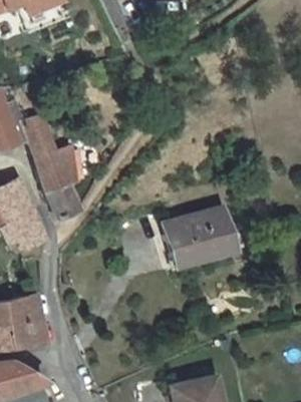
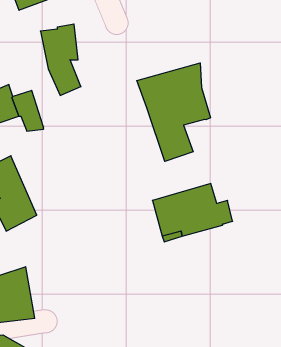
building: none -> [137,63,211,161]
building: [37,147,78,220] -> [40,24,81,95]

